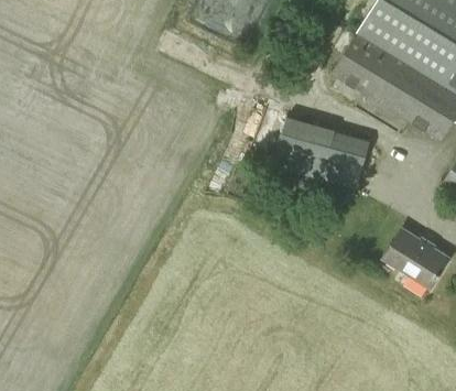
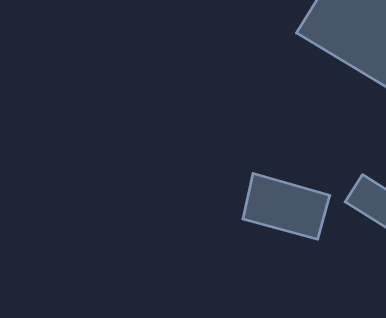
building: [275,117,370,188] -> [243,173,330,239]

